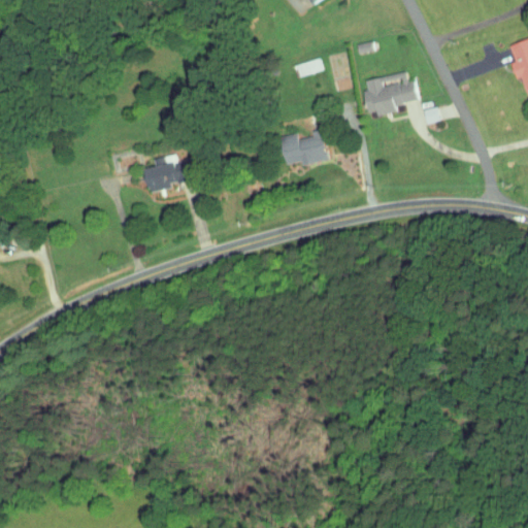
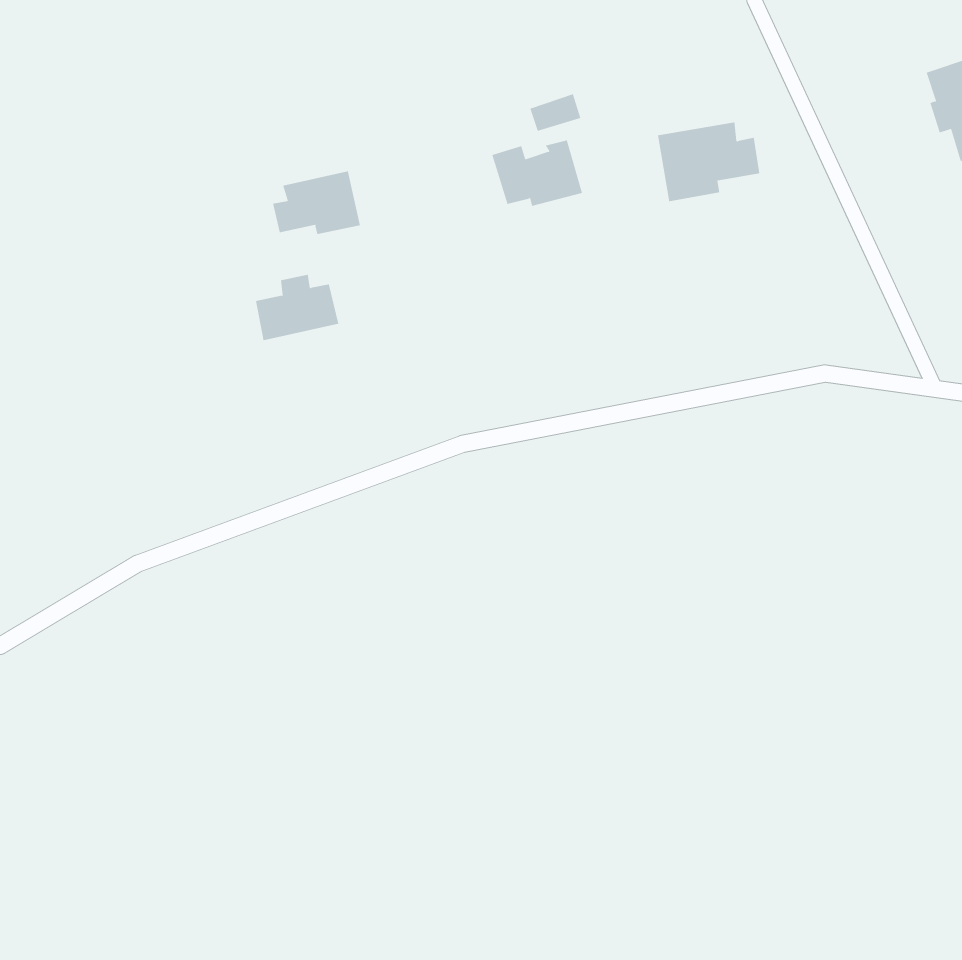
building: none -> [272,170,361,235]
building: [279,130,329,166] -> [491,140,583,206]

